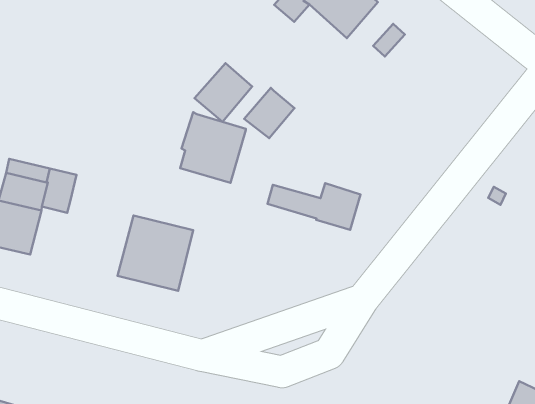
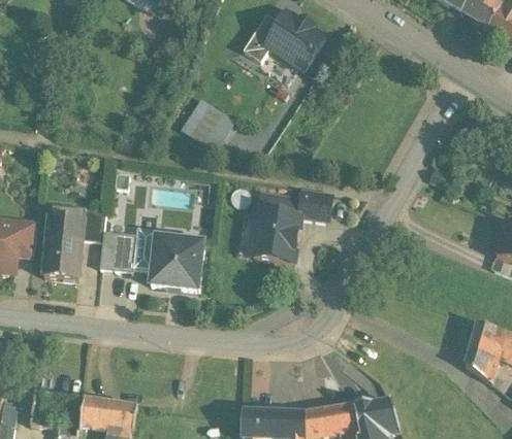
building: [244,88,295,138] -> none
building: [180,112,246,183] -> [251,209,299,261]
building: none -> [99,230,136,270]

